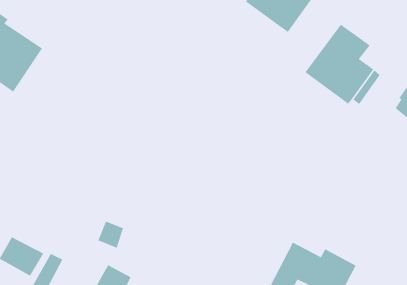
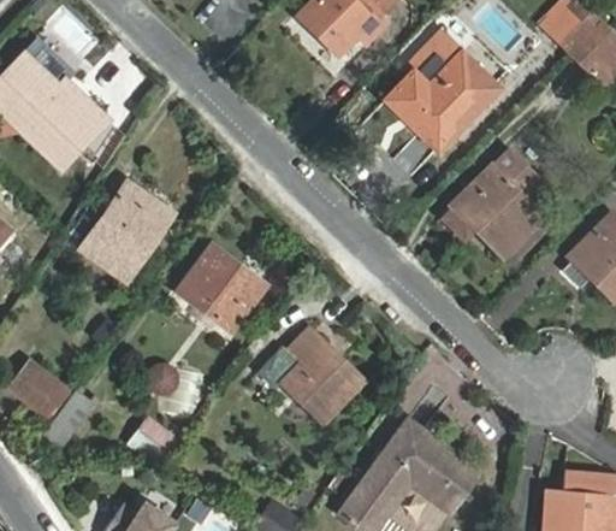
building: none -> [81,182,172,281]
building: none -> [176,243,266,332]
building: none -> [280,328,365,423]

